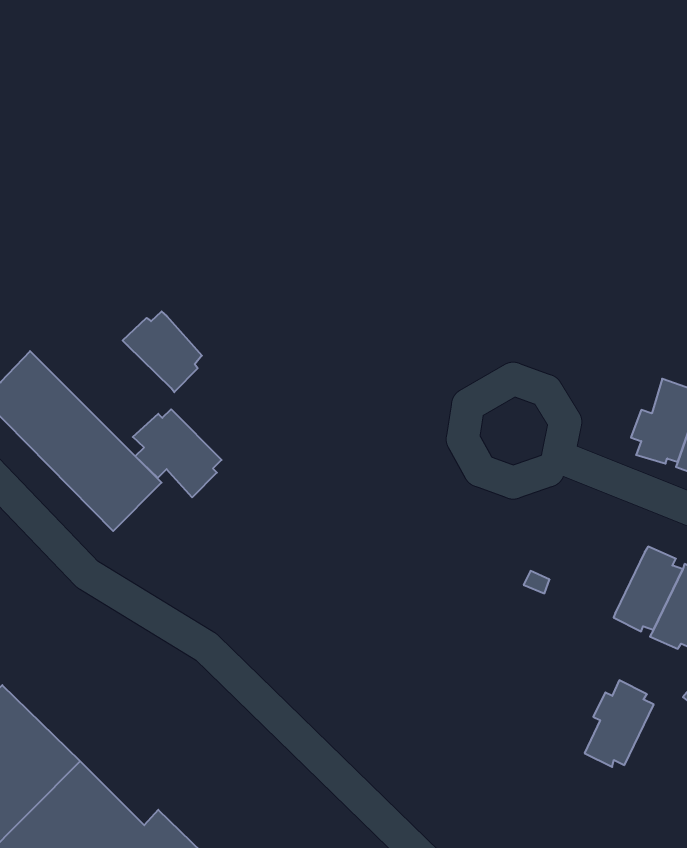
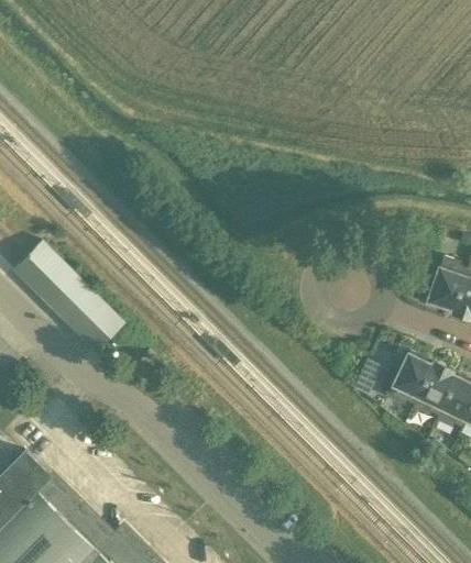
building: [123,311,202,392] -> none
building: [133,409,222,497] -> none
building: [585,680,654,767] -> [388,350,432,405]

